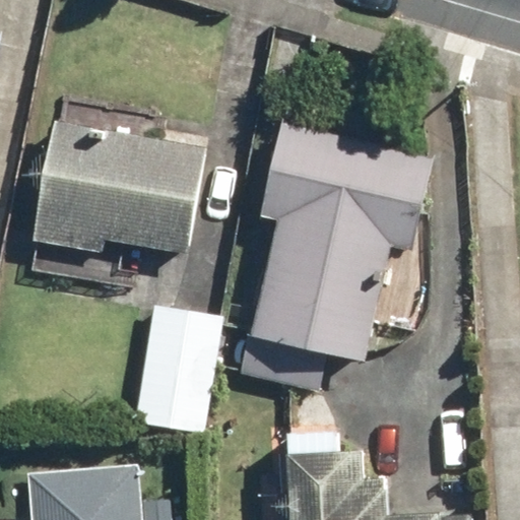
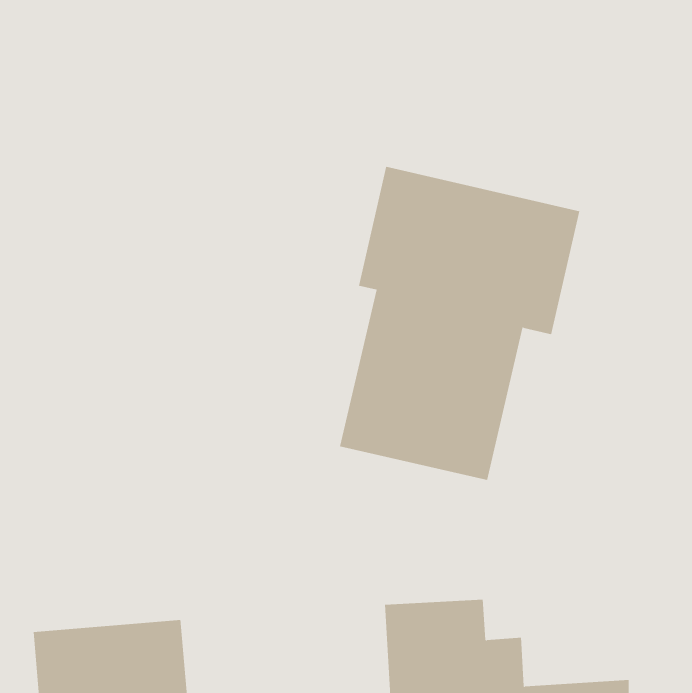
building: [32,120,203,254] -> none
building: [133,304,219,432] -> none

